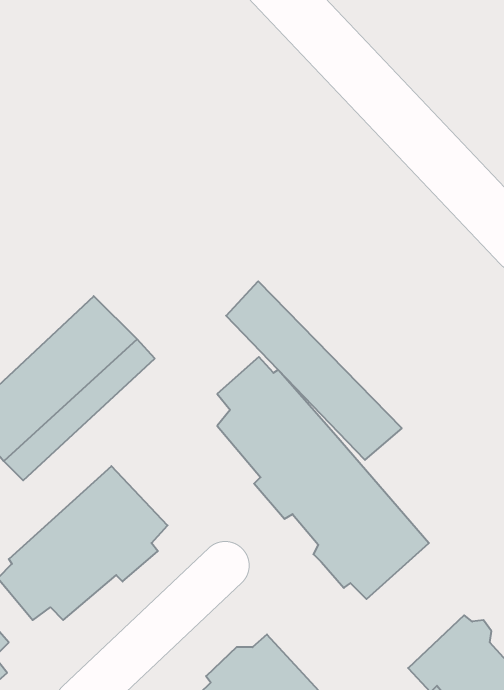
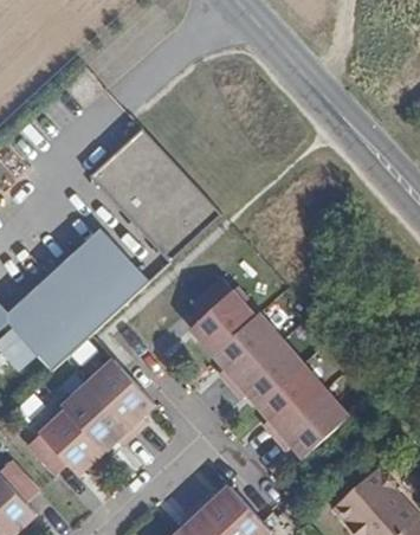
building: none -> [86,127,220,260]
building: [226,281,402,460] -> none

